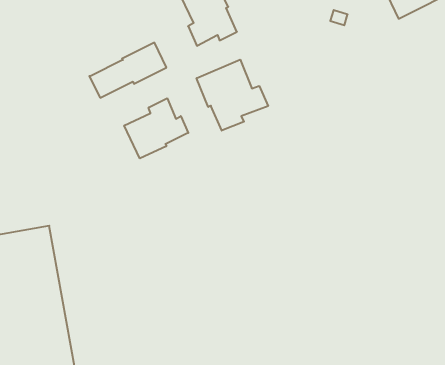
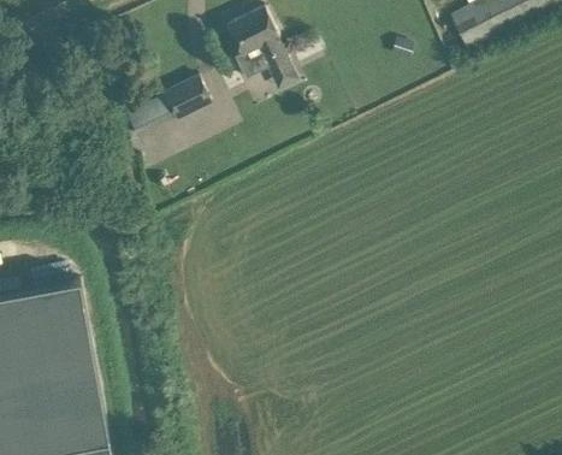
building: [197,60,268,131] -> none
building: [124,98,188,158] -> none

